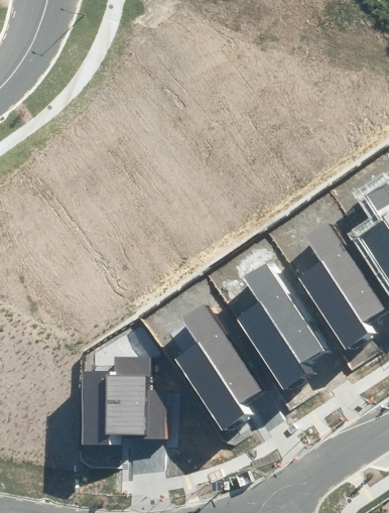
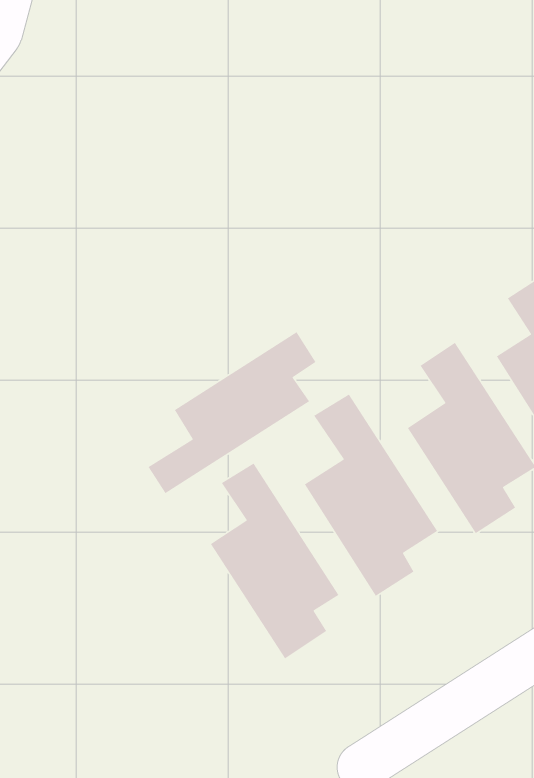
building: none -> [148,331,316,494]
building: [82,357,168,445] -> none

